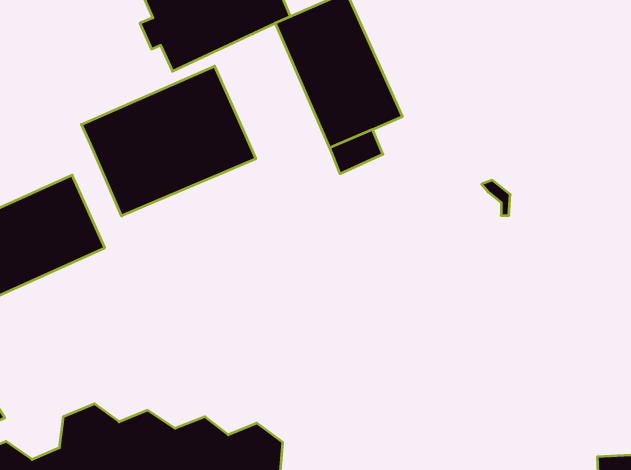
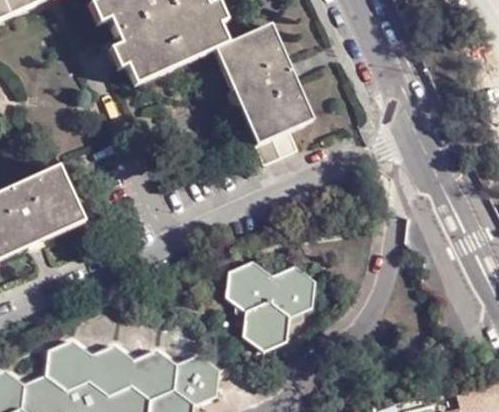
building: [81,66,256,216] -> none
building: none -> [228,261,316,351]

